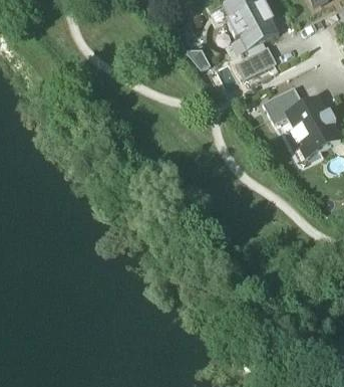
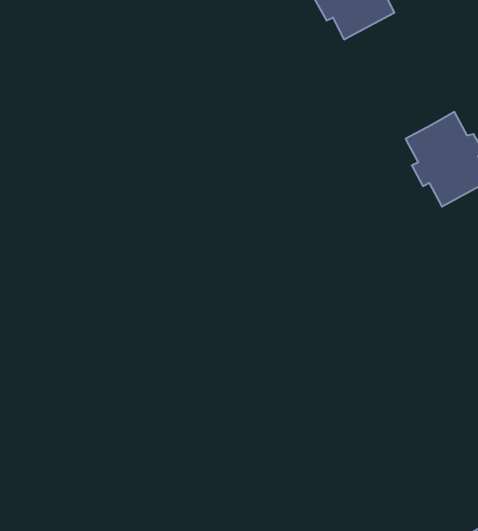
building: [235,46,275,79] -> none
building: [261,86,302,126] -> none

